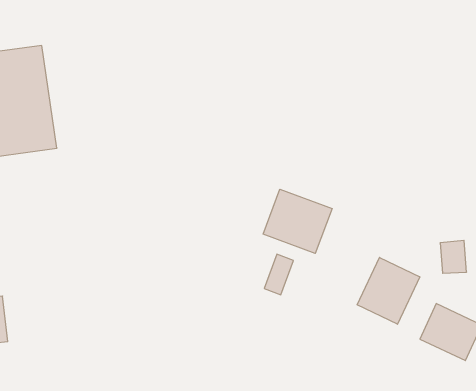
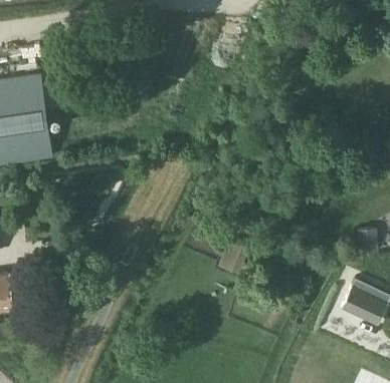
building: [263,189,332,253] -> none
building: [357,257,420,324] -> none

